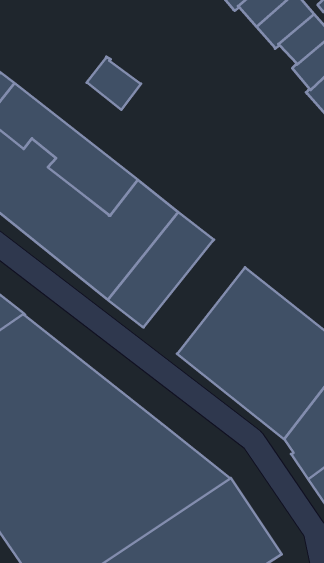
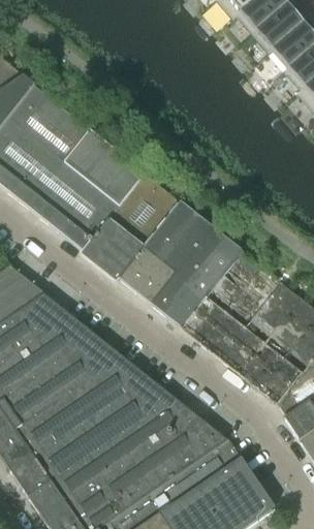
building: [87,57,141,110] -> none
building: none -> [150,225,241,326]

